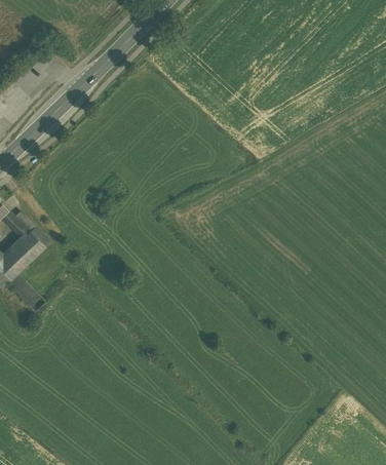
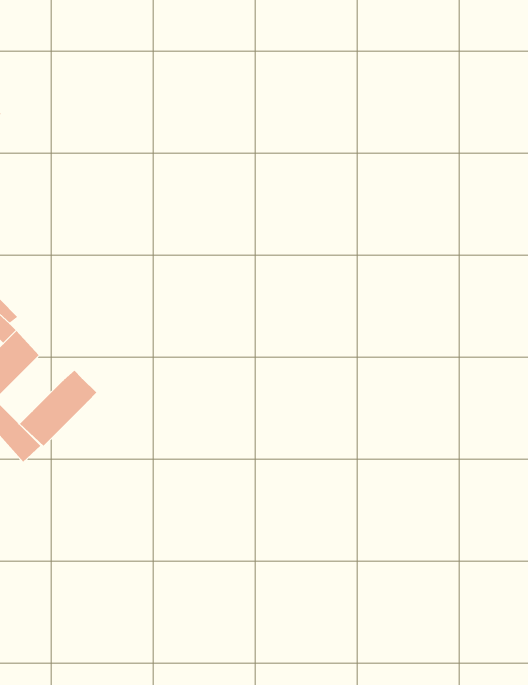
building: none -> [19,370,97,446]

